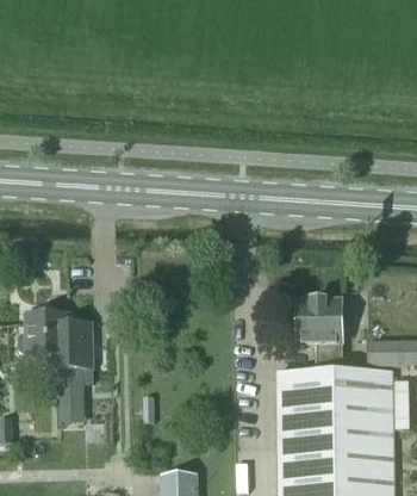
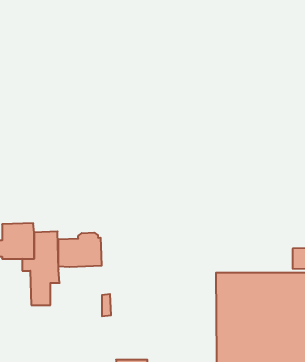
building: [297,298,342,370] -> none
building: none -> [58,233,102,267]

